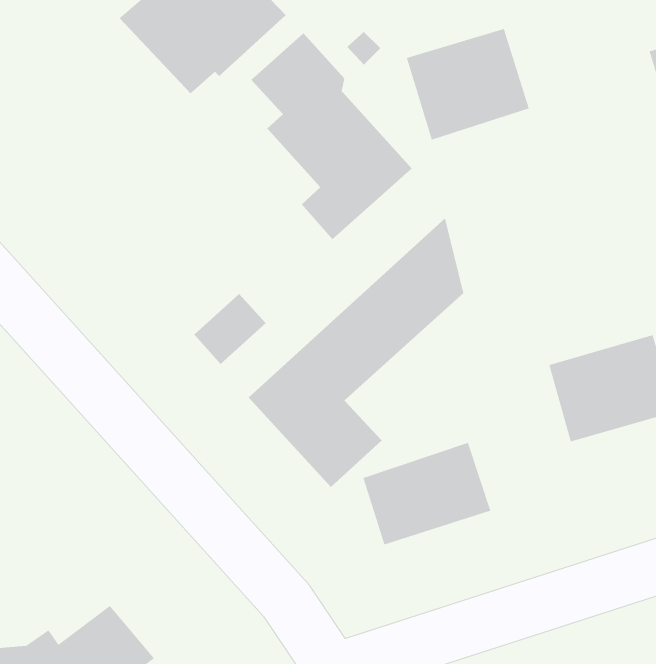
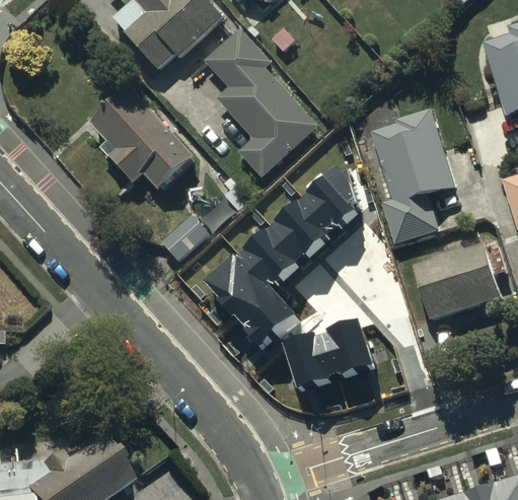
building: [406,28,530,140] -> none
building: none -> [88,83,197,190]
building: none -> [371,108,456,245]

